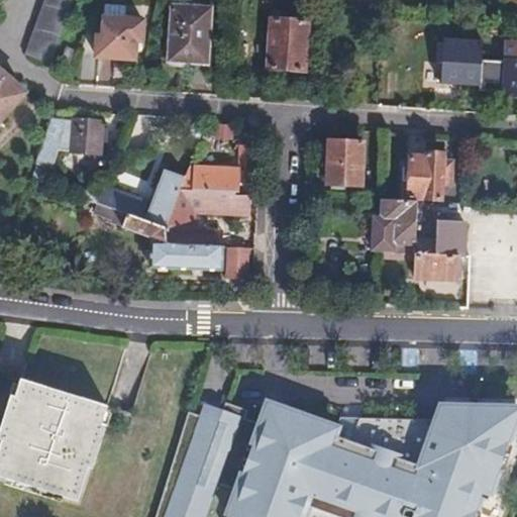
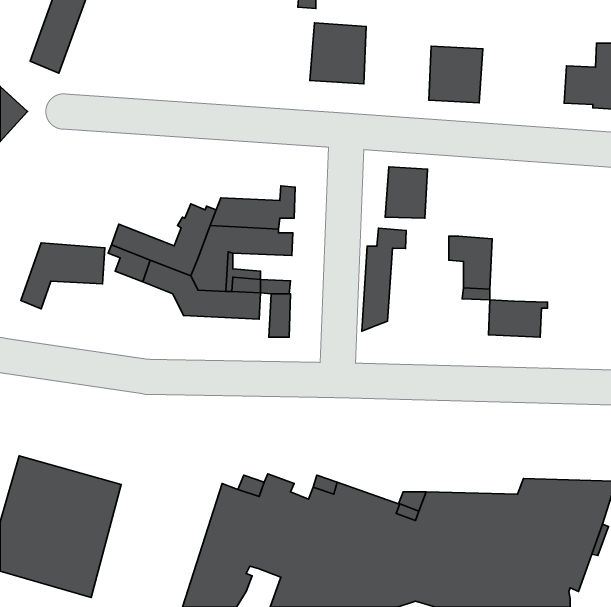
building: [166,6,207,65] -> none
building: [94,19,141,61] -> none
building: [433,31,479,79] -> [429,46,483,103]
building: [35,117,106,173] -> [21,243,105,309]
building: [405,150,449,197] -> none
building: none -> [362,228,406,331]
building: [434,225,462,254] -> none

